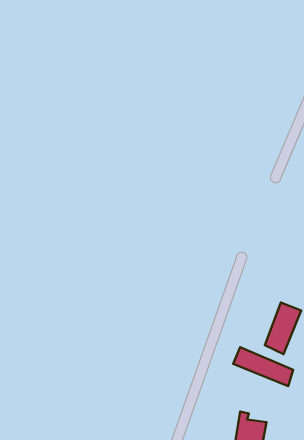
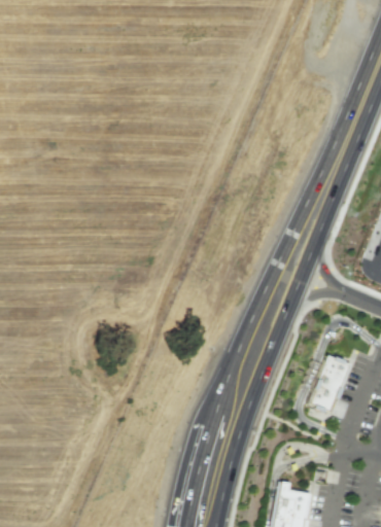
building: [233,347,293,386] -> none

